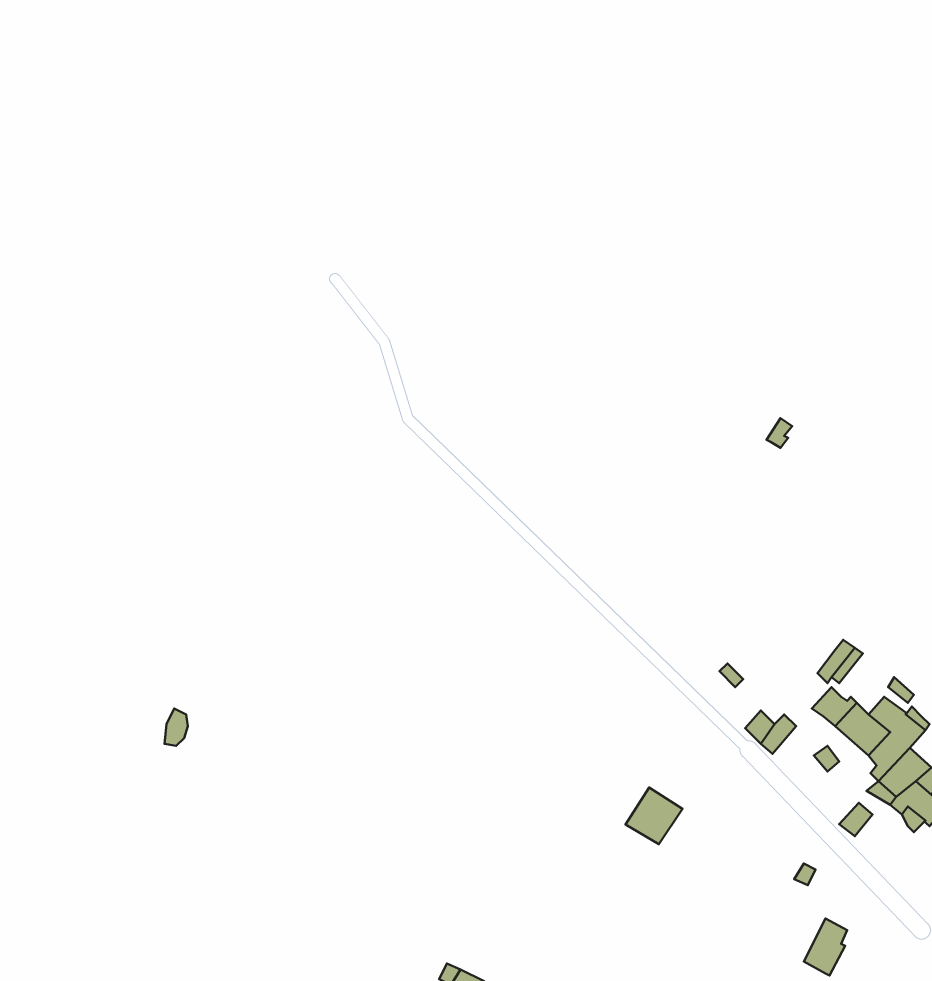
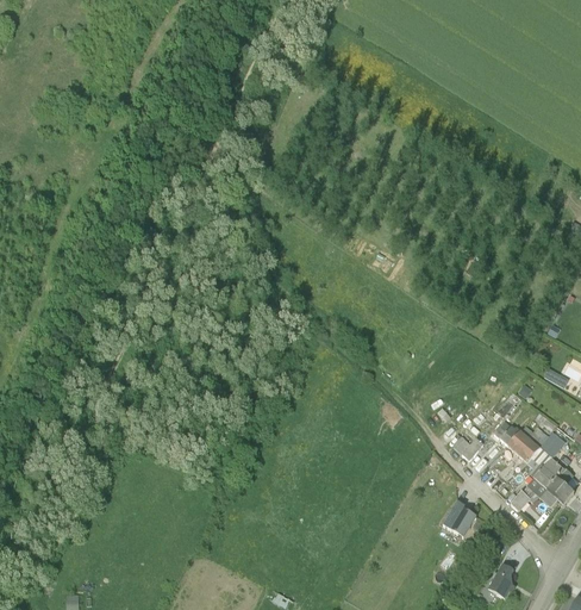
building: [626,787,682,844] -> [443,500,477,535]

